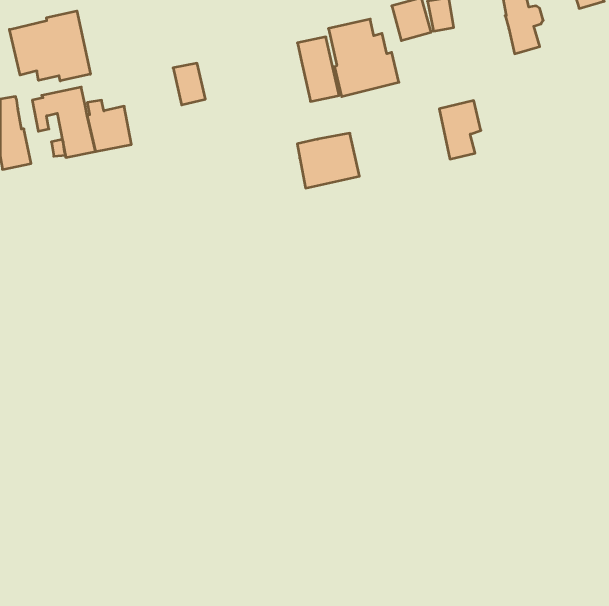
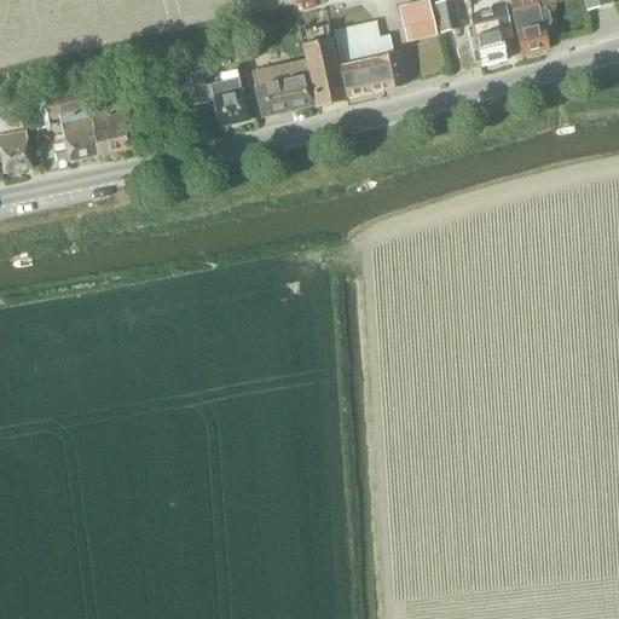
building: [9,11,90,81] -> none
building: none -> [209,60,249,126]
building: [439,101,481,159] -> [470,5,513,64]
building: [297,133,359,188] -> [253,59,316,115]

